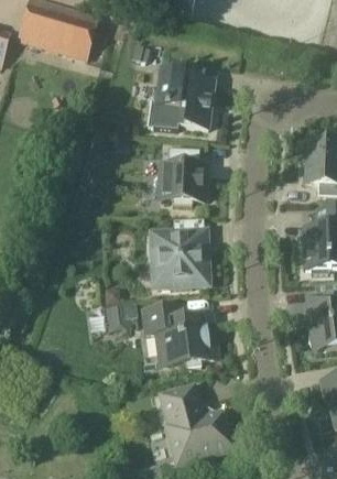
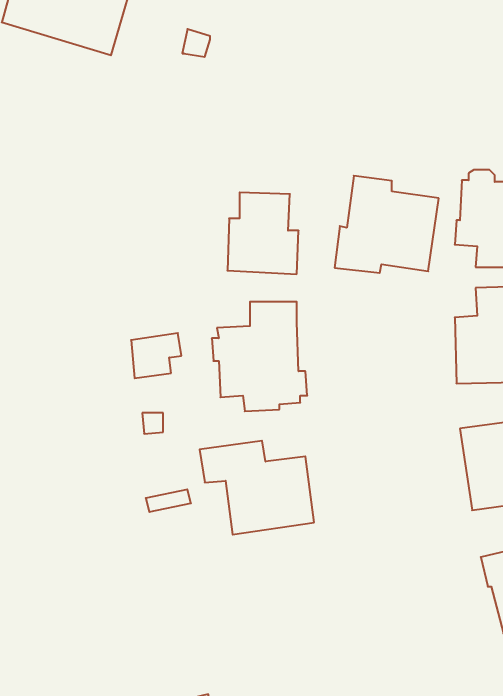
building: [148,67,214,129] -> [335,176,439,273]
building: [106,302,138,330] -> [131,333,181,378]
building: [162,387,233,461] -> none

